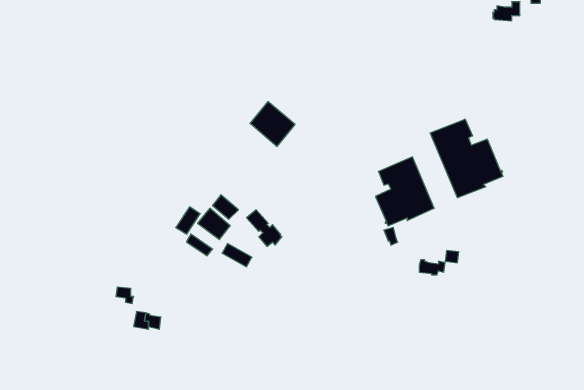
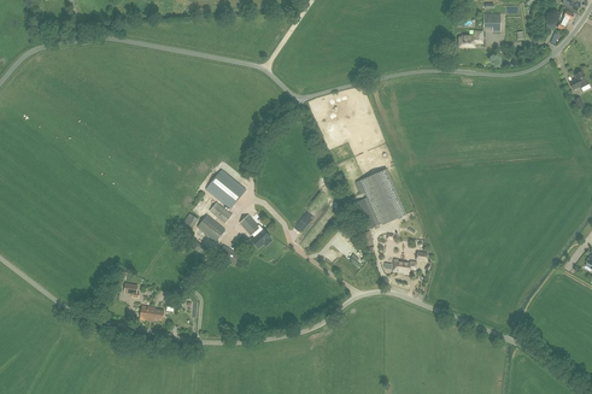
building: [250,102,295,146] -> [206,167,246,207]
building: [430,119,503,198] -> none

